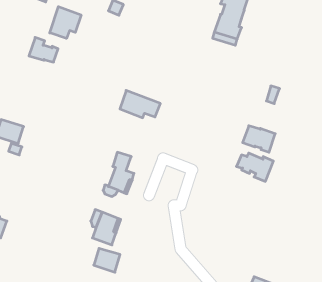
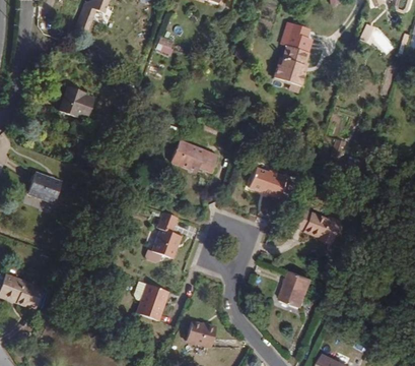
building: [50,7,81,38] -> none
building: [243,126,275,152] -> [246,168,283,198]
building: none -> [283,268,315,304]
building: [94,248,120,272] -> [188,325,218,353]

